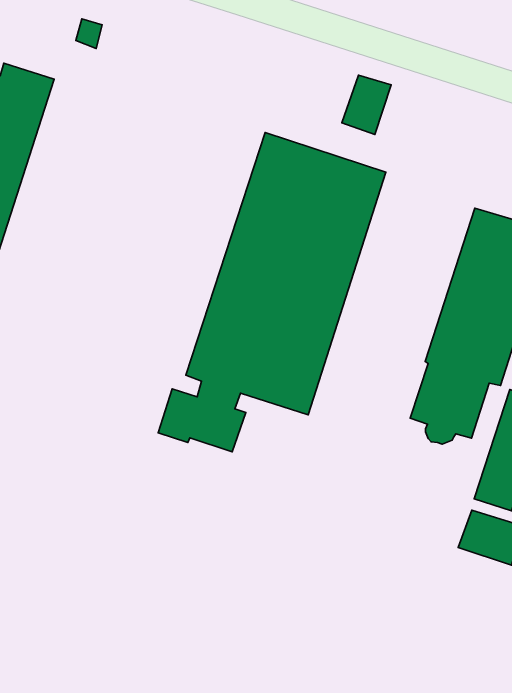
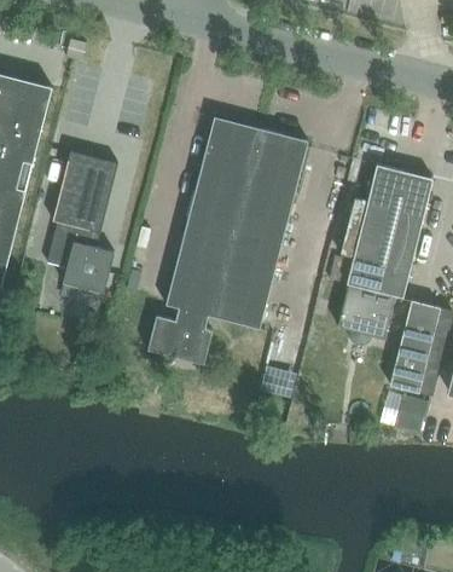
building: [342,75,391,135] -> none
building: none -> [47,151,117,293]

